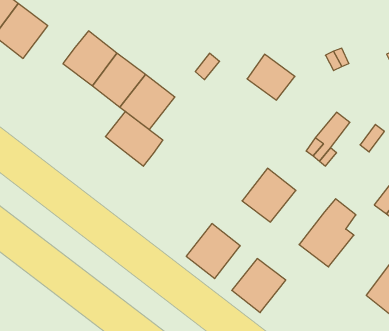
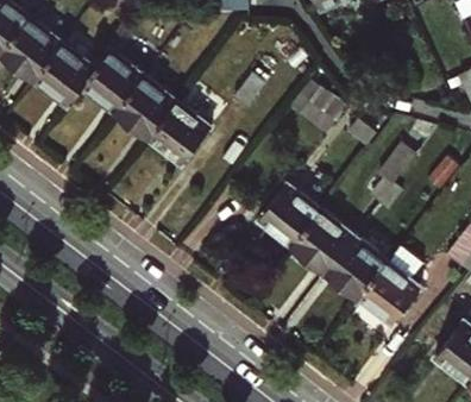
building: none -> [33,44,94,107]
building: [105,111,163,166] -> none
building: [186,224,240,279] -> [256,184,319,249]
building: [232,259,286,313] -> [322,237,385,300]

